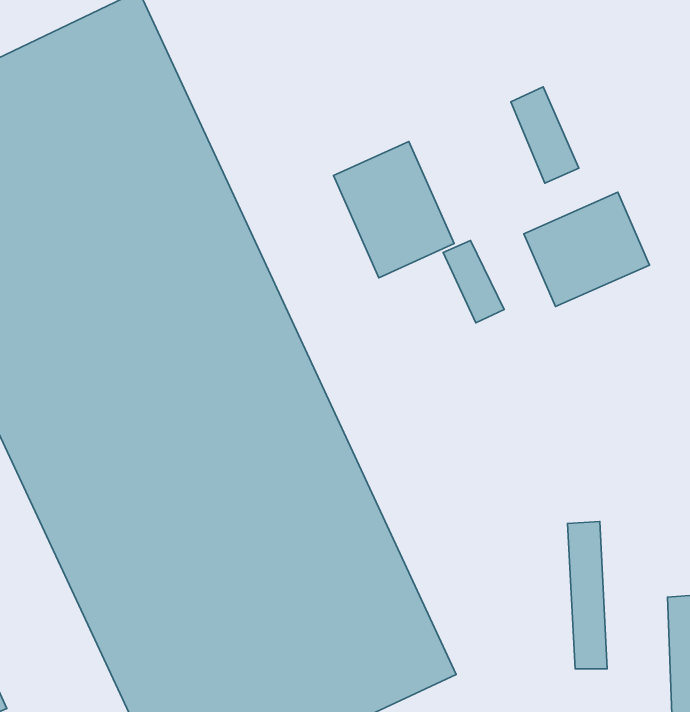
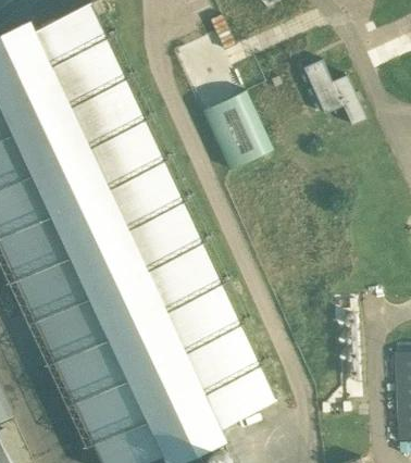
building: [524,192,650,307] -> none
building: [443,241,504,323] -> none

